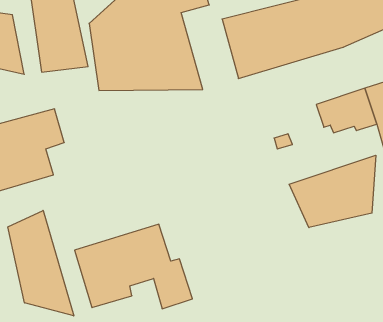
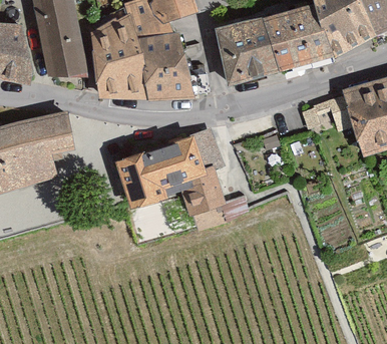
building: [289,155,376,228] -> none
building: [8,210,74,316] -> none
building: [75,224,192,309] -> [116,131,226,210]

